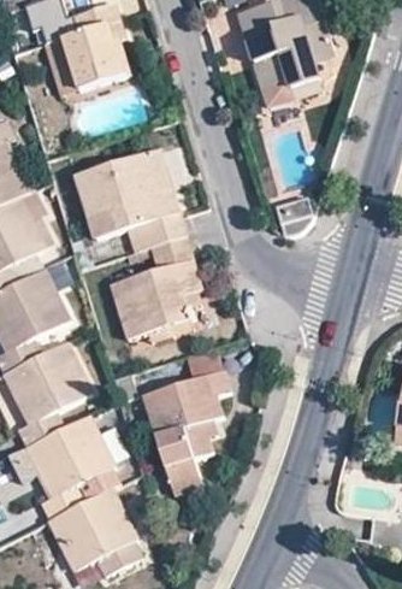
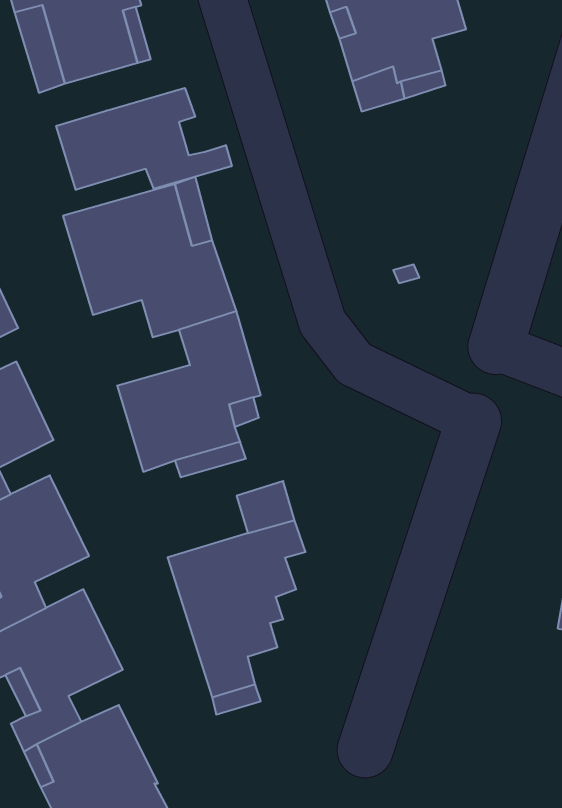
building: none -> [56,88,232,190]

